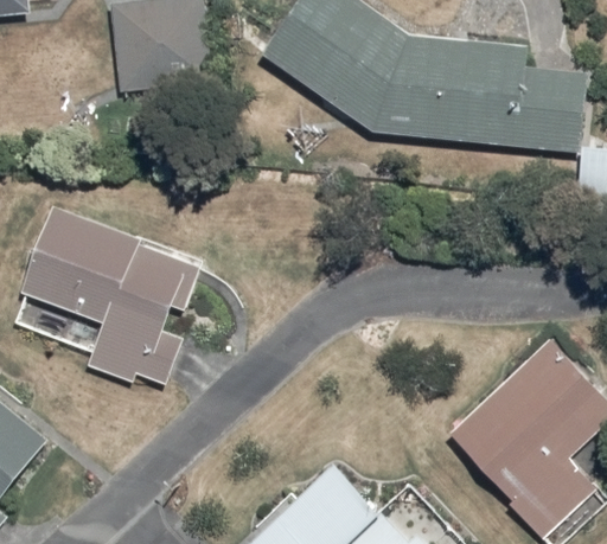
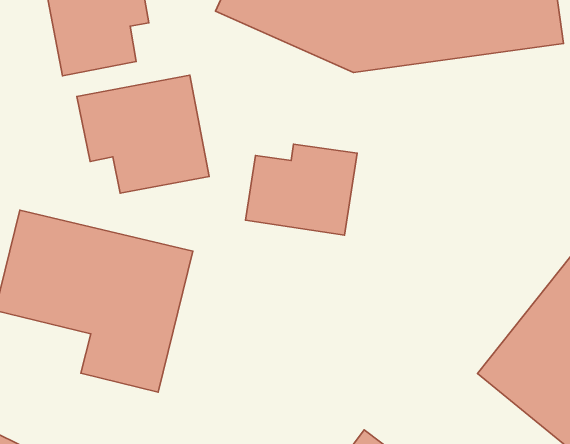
building: none -> [77,75,209,193]
building: none -> [245,144,357,235]

